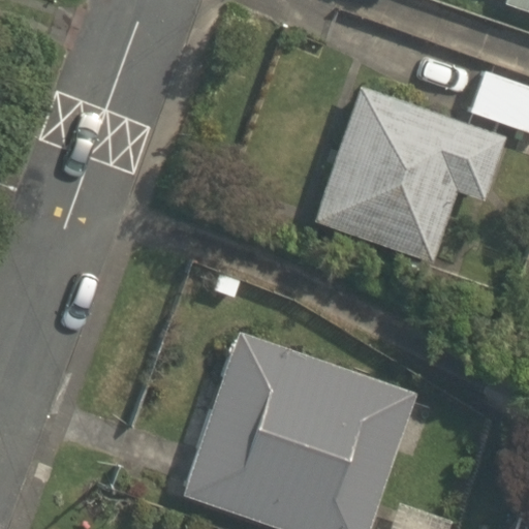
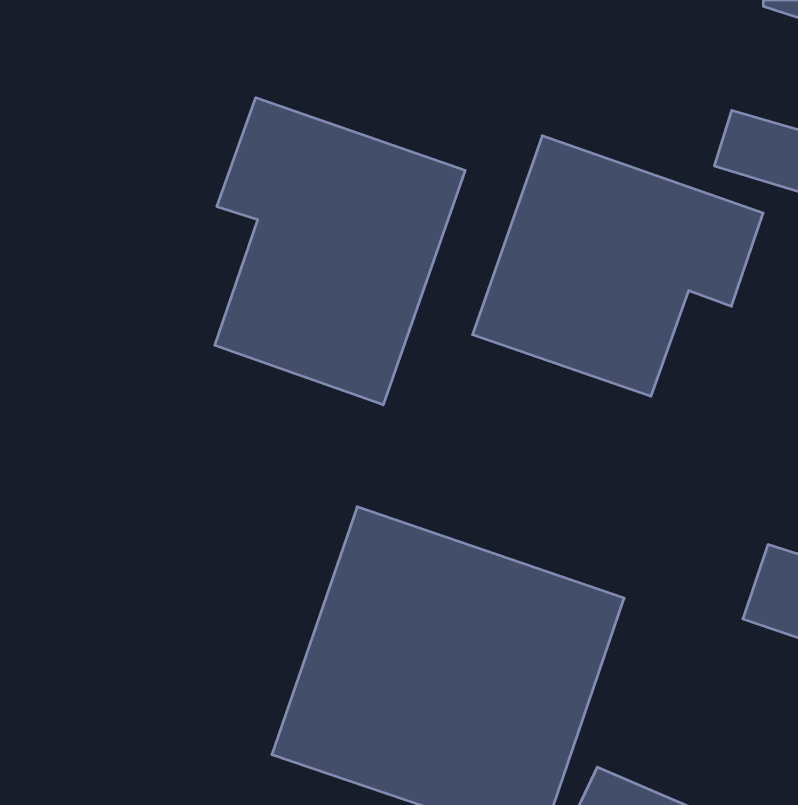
building: none -> [215,98,465,405]

